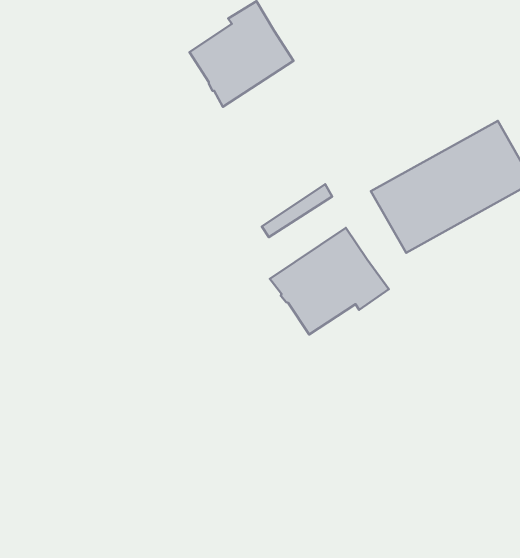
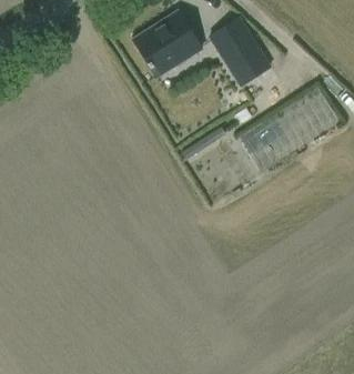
building: none -> [212,21,273,89]
building: [270,228,389,334] -> none

